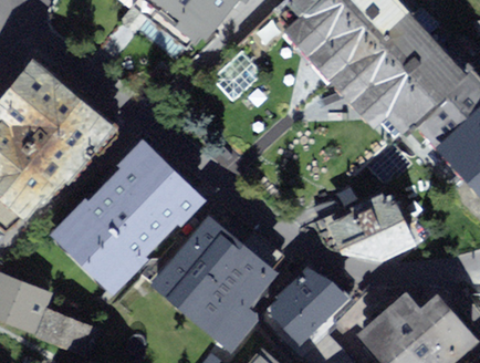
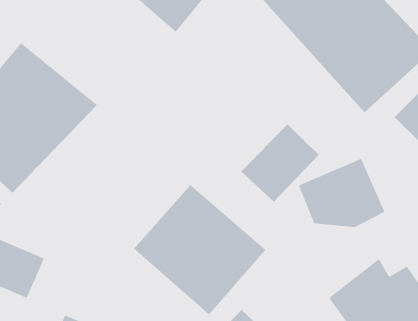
building: [49,139,205,295] -> none
building: [267,268,351,352] -> [240,123,320,203]
building: [34,307,82,354] -> none

